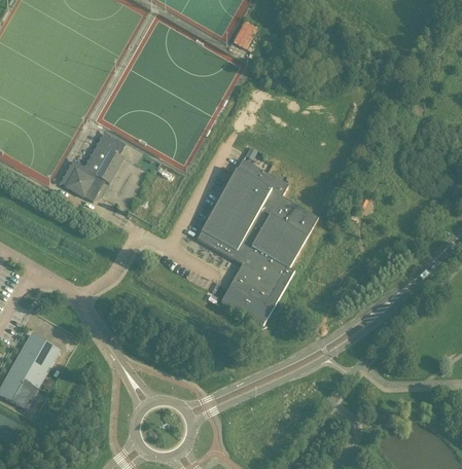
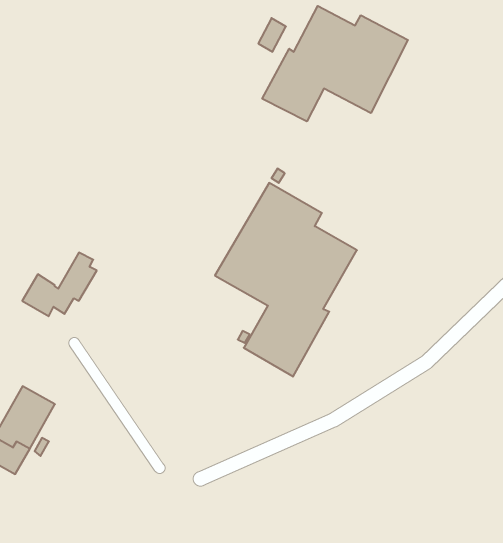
building: none -> [262,6,408,121]
building: [60,142,123,196] -> [22,253,97,316]

